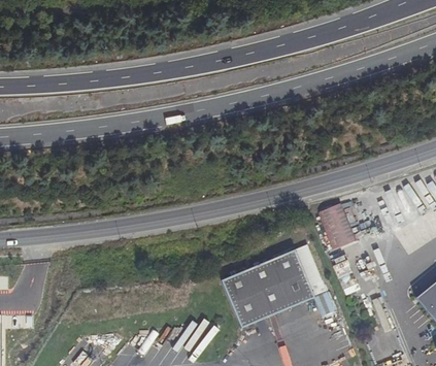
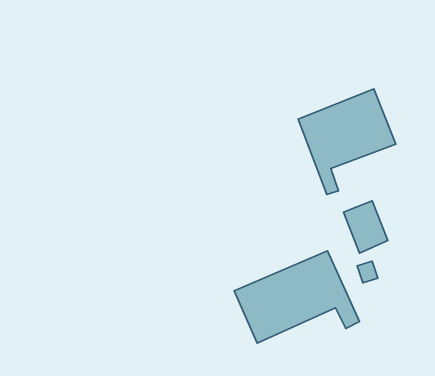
building: none -> [298,89,396,195]

